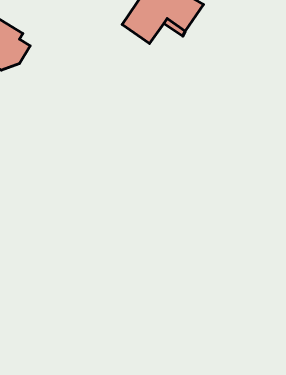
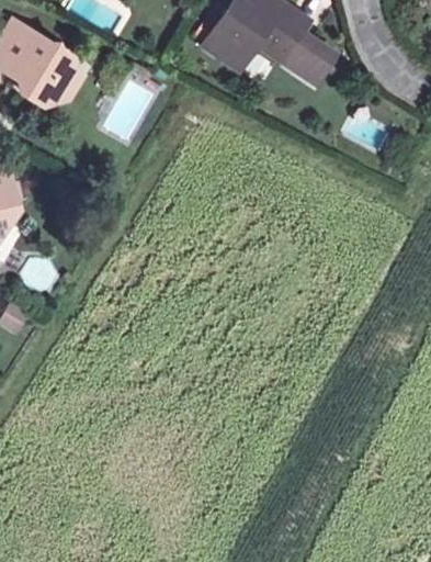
building: none -> [285,36,332,83]

